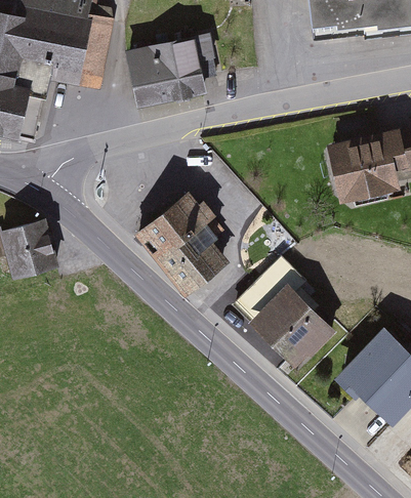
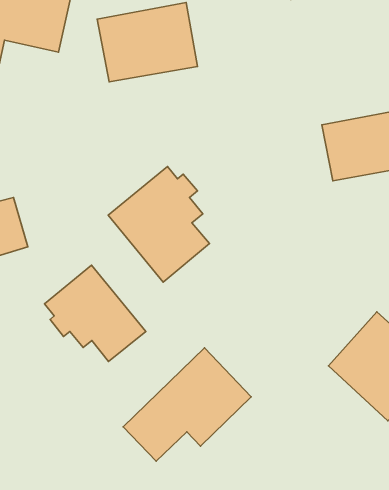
building: [233,256,340,365] -> none
building: none -> [45,265,146,361]
building: none -> [123,348,251,461]

